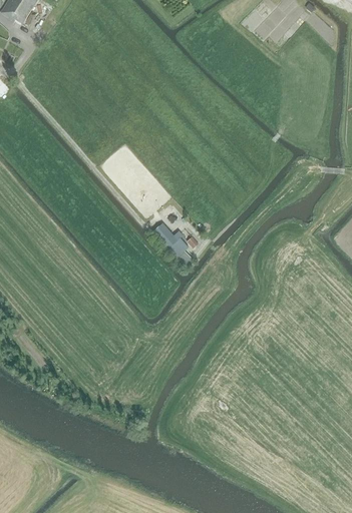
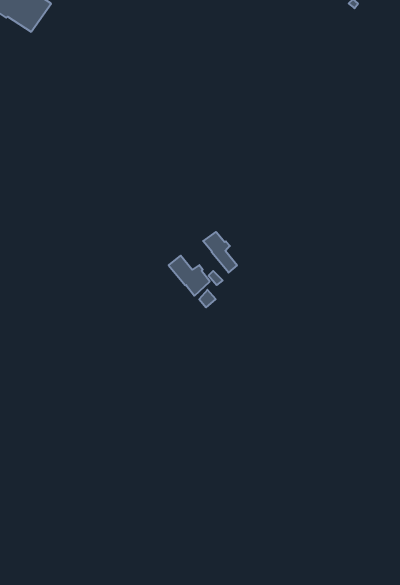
building: none -> [203,232,237,273]

